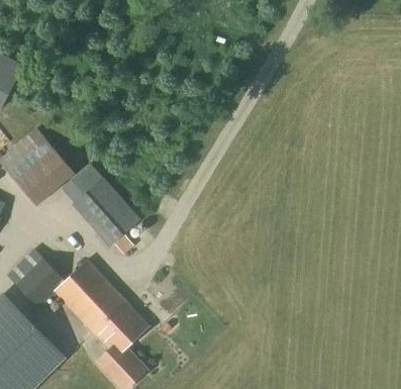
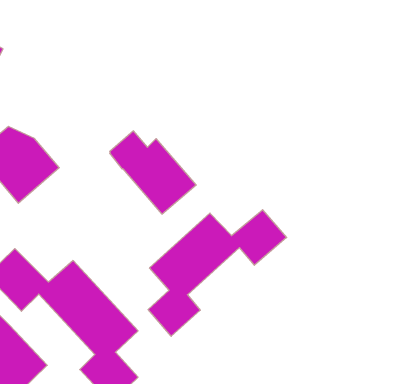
building: [61,169,141,247] -> [110,131,196,214]
building: none -> [148,210,287,336]

